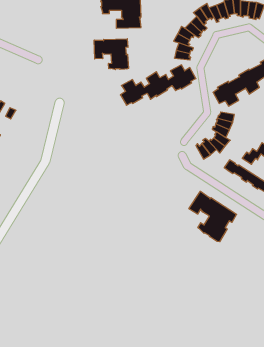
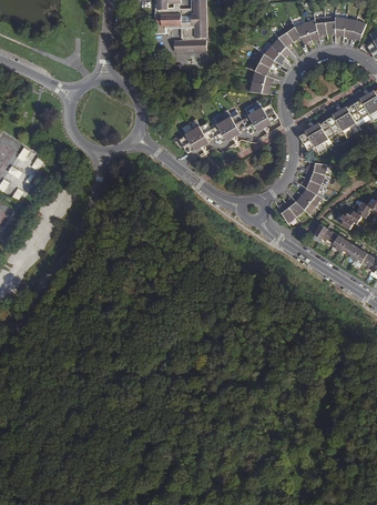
building: [94,39,129,70] -> none
building: [189,191,237,242] -> none

